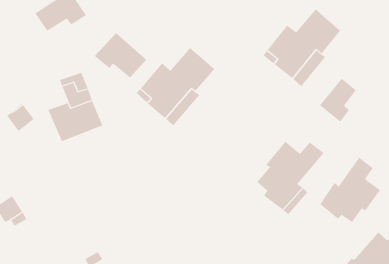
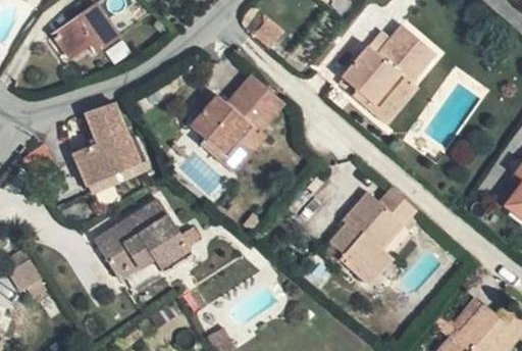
building: [94,32,147,78] -> none
building: [319,78,357,123] -> none
building: none -> [92,200,193,281]
building: [319,157,381,223] -> none

